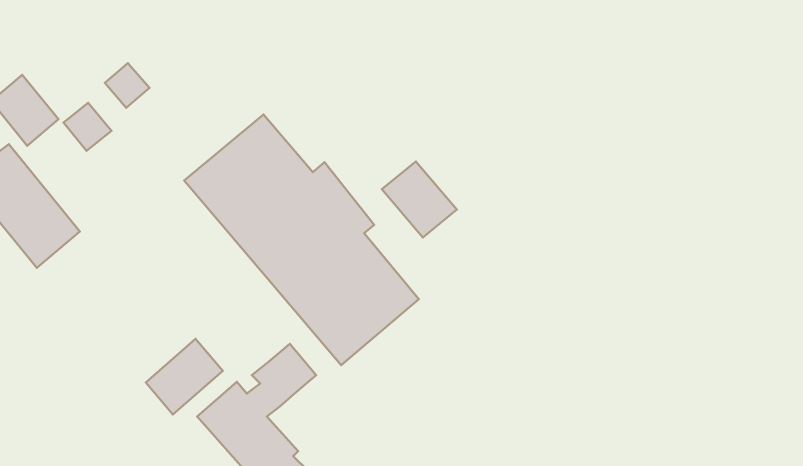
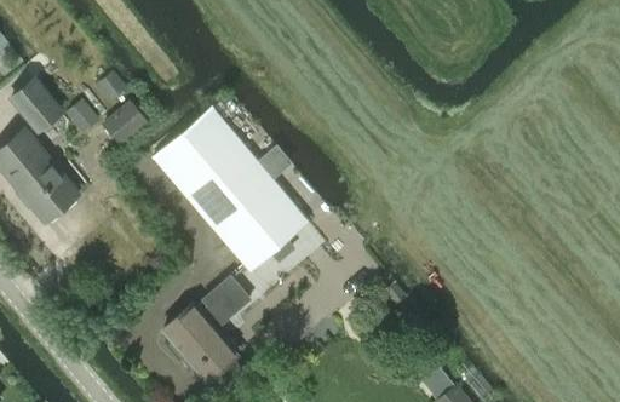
building: none -> [101,99,148,145]
building: [382,161,457,237] -> none
building: [146,339,223,415] -> none

